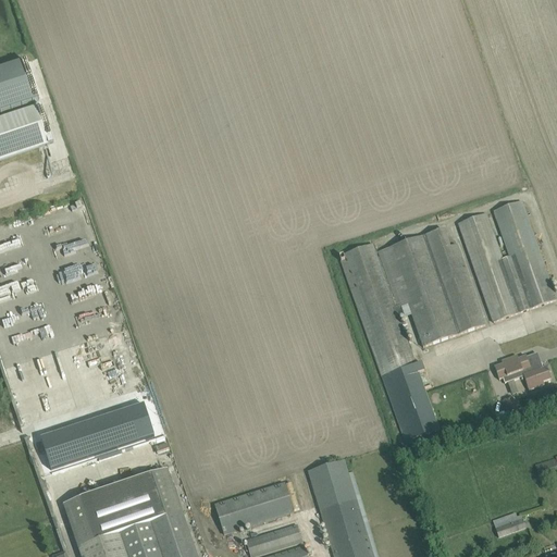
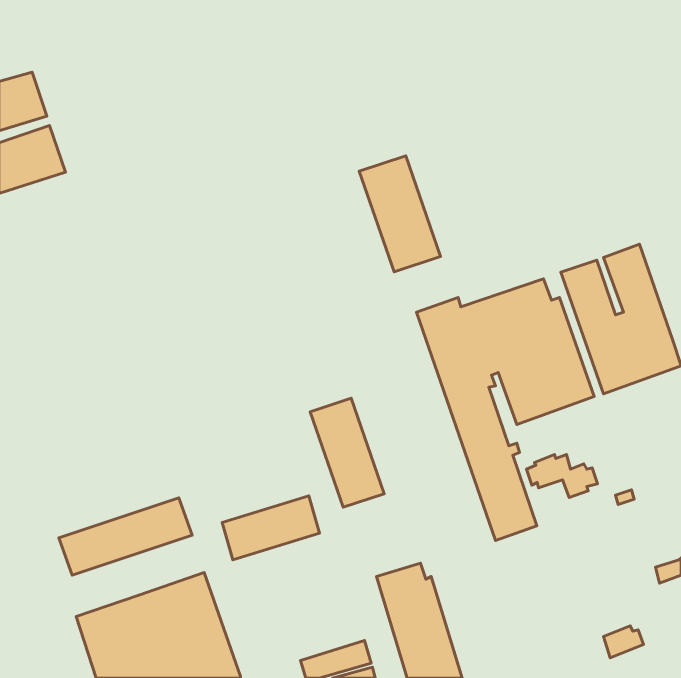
building: none -> [359,156,440,272]
building: none -> [310,398,384,507]
building: [493,354,550,388] -> [527,455,597,497]
building: [213,481,293,533] -> [222,496,320,560]

